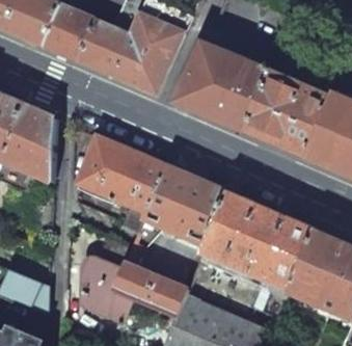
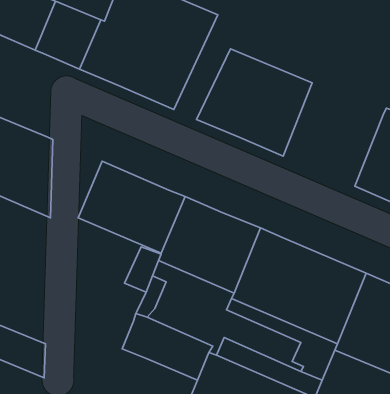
building: [246,73,329,158] -> none
building: [81,257,134,324] -> none

